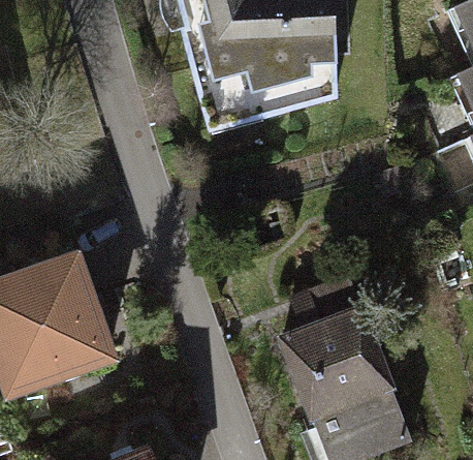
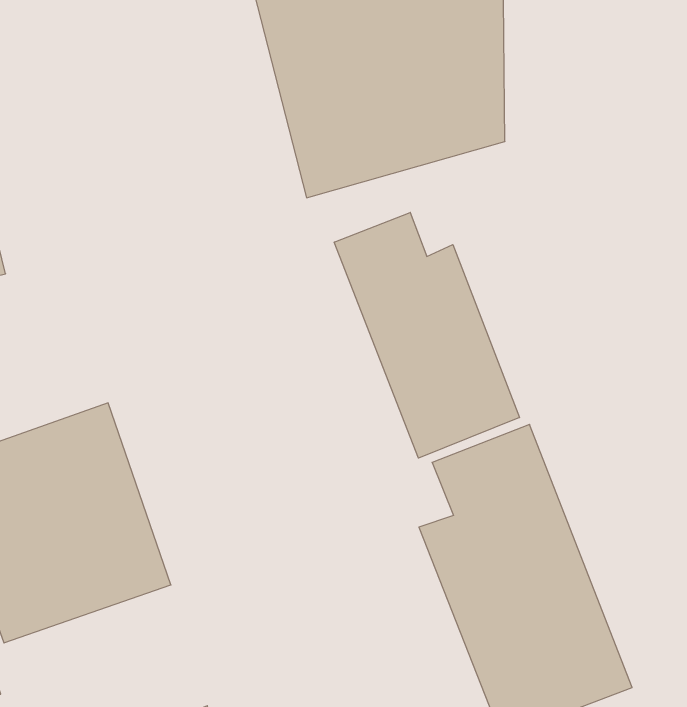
building: none -> [334,212,519,458]

